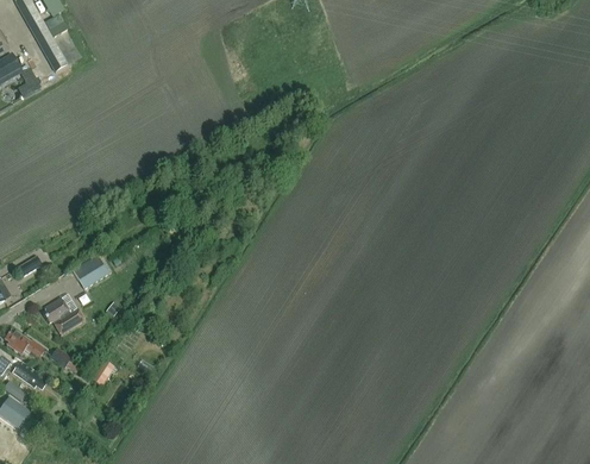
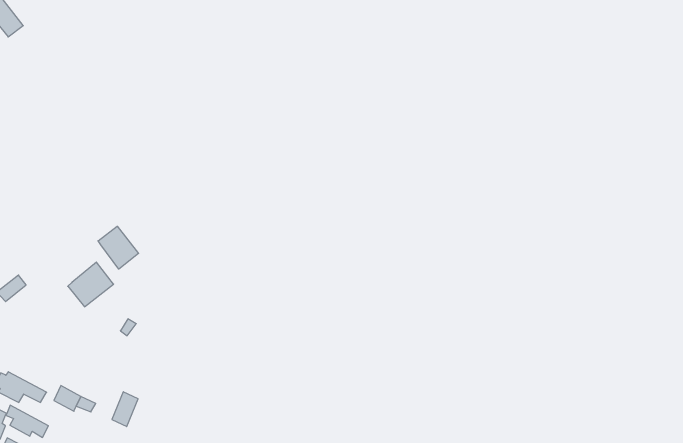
building: none -> [98,226,139,269]
building: [42,294,84,336] -> none

